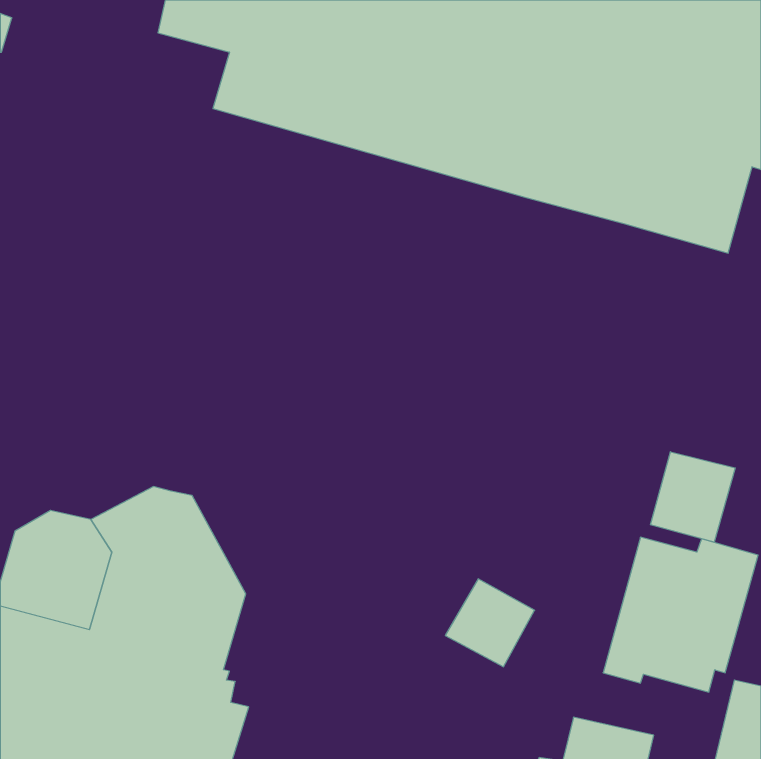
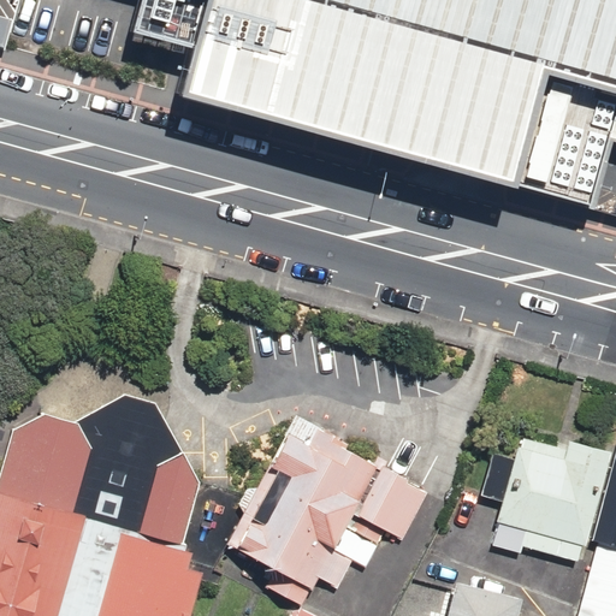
building: [650,452,735,542] -> none
building: none -> [226,413,386,610]

